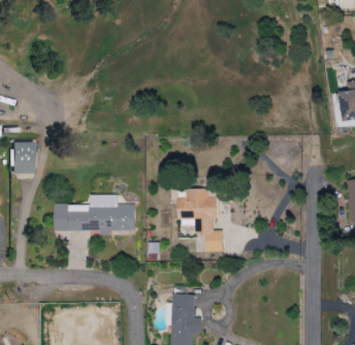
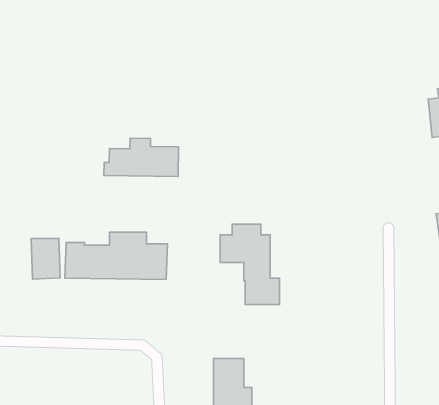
building: none -> [104,138,179,177]
building: [12,142,35,174] -> [31,238,60,279]

